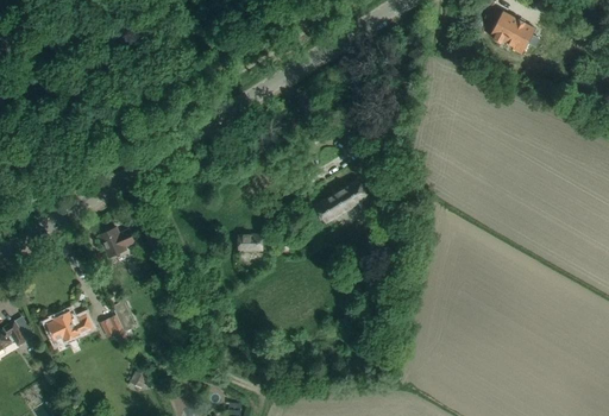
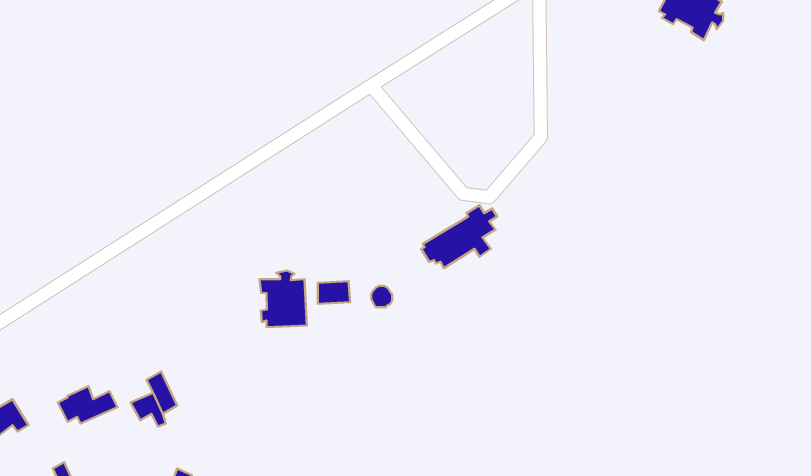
building: none -> [260,271,307,327]
building: [99,227,133,257] -> none

